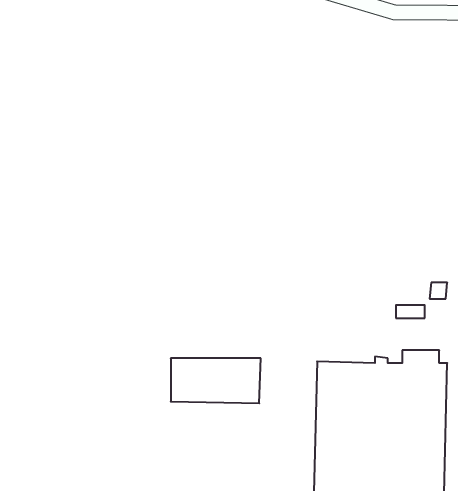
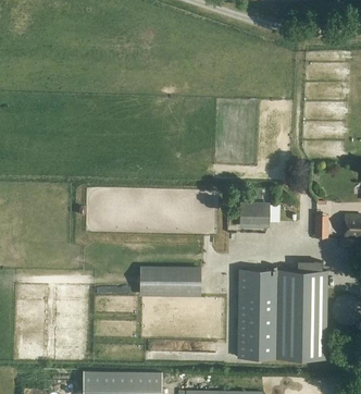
building: none -> [241,204,271,229]

